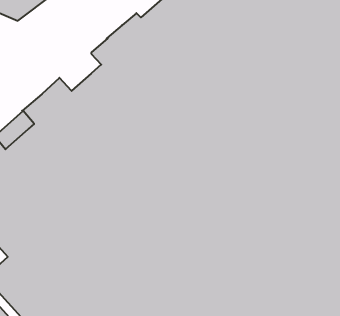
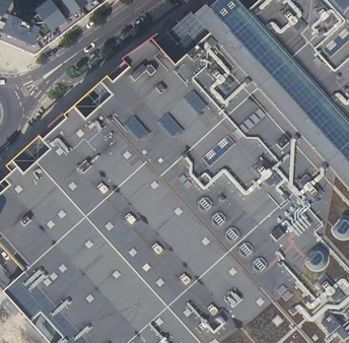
building: none -> [71,82,110,118]

